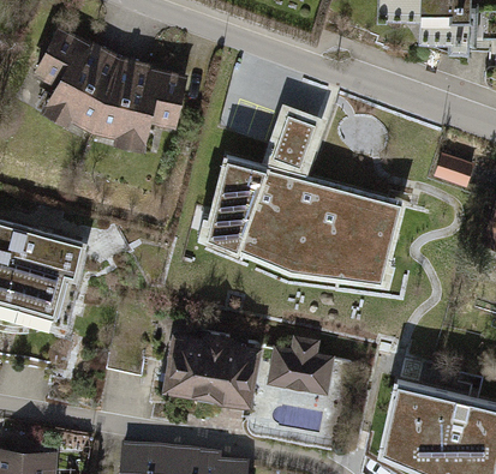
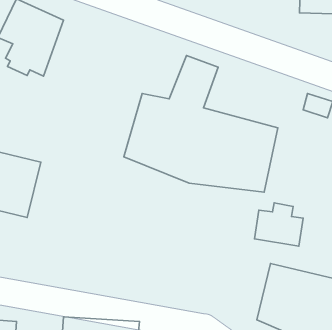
building: [92,58,189,161] -> none
building: [156,331,264,409] -> none
building: [268,337,333,395] -> [254,203,303,246]

